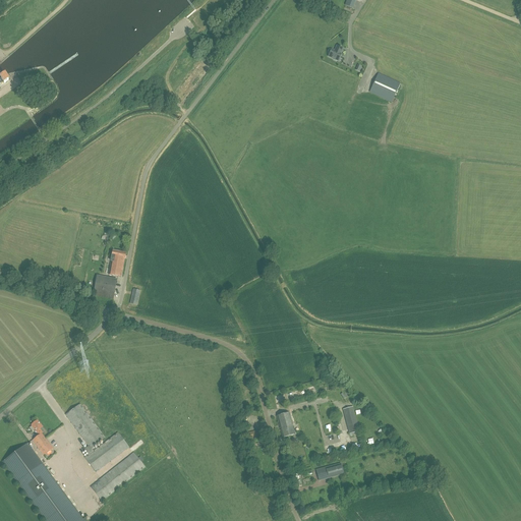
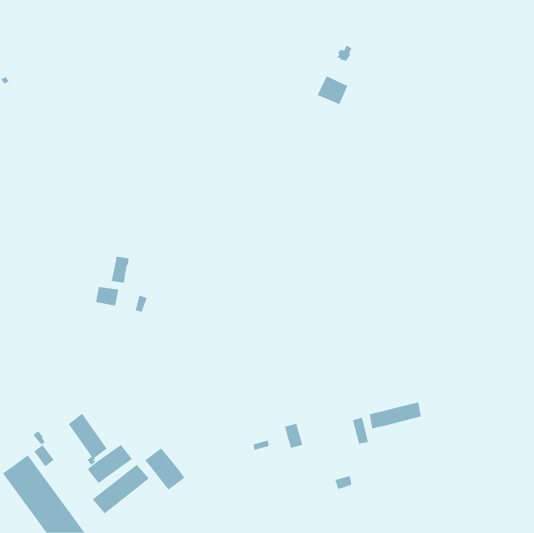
building: [369,72,400,101] -> [317,75,348,105]
building: none -> [369,402,421,429]
building: none -> [144,447,185,490]

